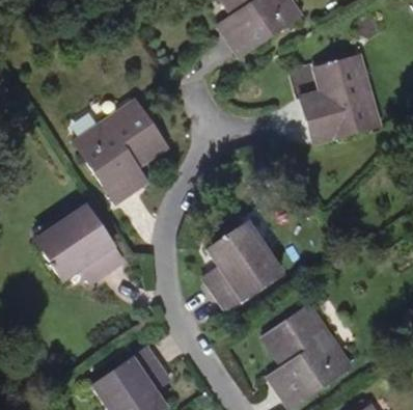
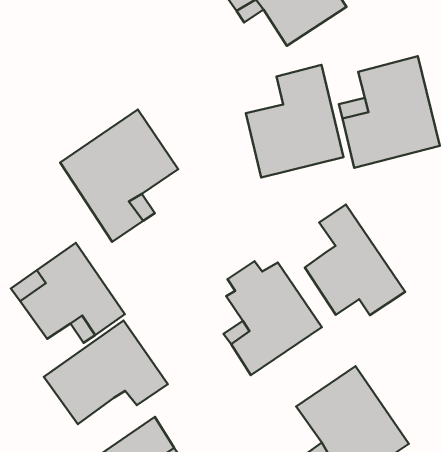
building: none -> [246,65,343,178]
building: none -> [305,204,405,315]
building: none -> [44,321,168,424]

